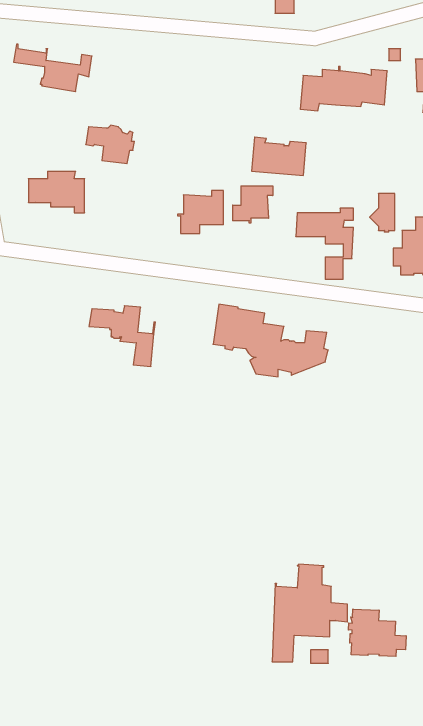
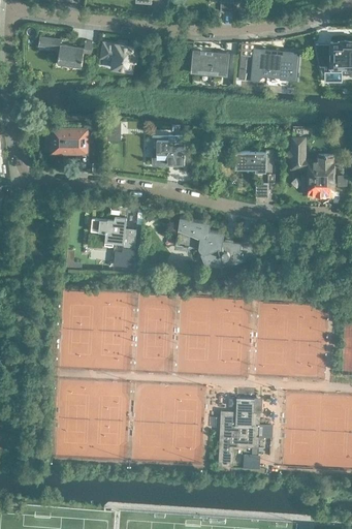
building: [86,125,134,164] -> [101,43,135,70]
building: [252,137,306,175] -> [190,50,228,76]
building: [233,186,273,223] -> none
building: [348,609,406,656] -> none

